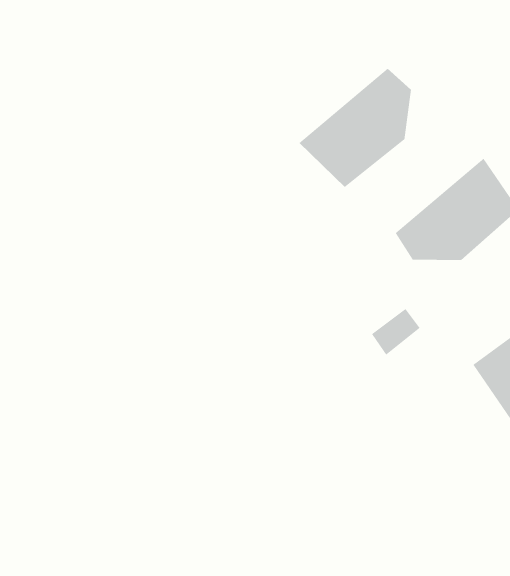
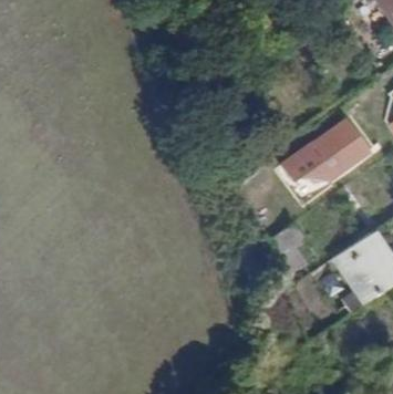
building: [299,68,412,188] -> none

